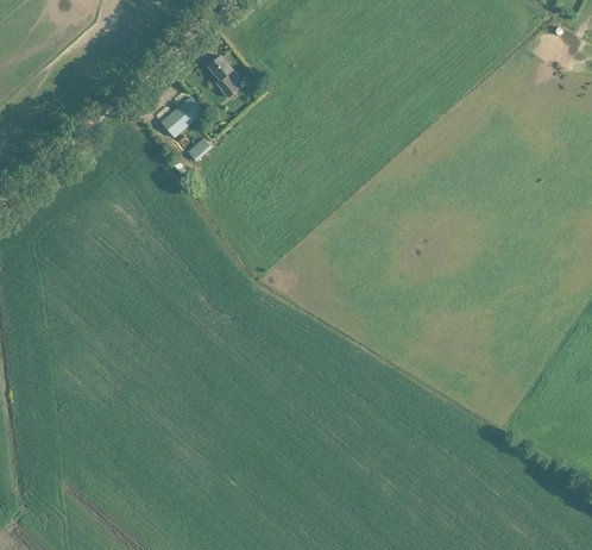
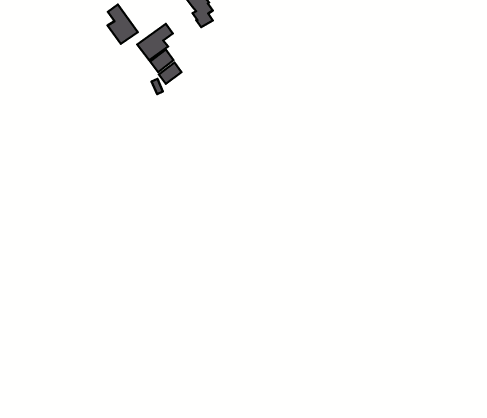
building: none -> [107,5,138,44]

